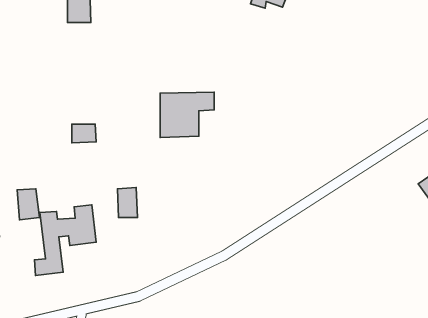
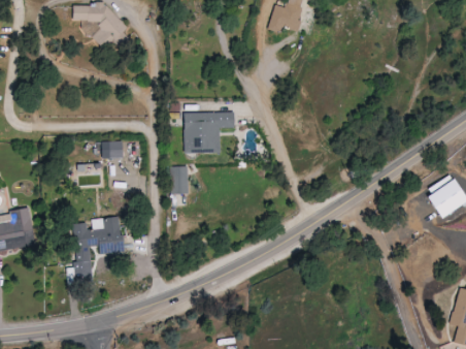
building: [118,188,137,217] -> [170,166,189,194]
building: [17,189,39,220] -> none

